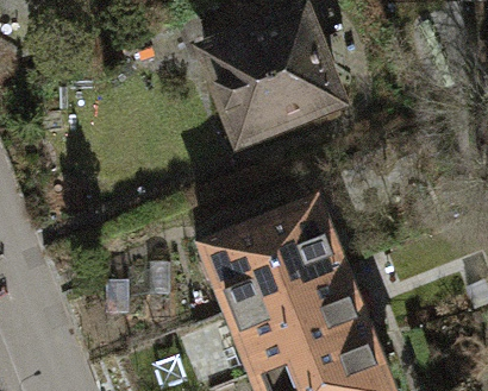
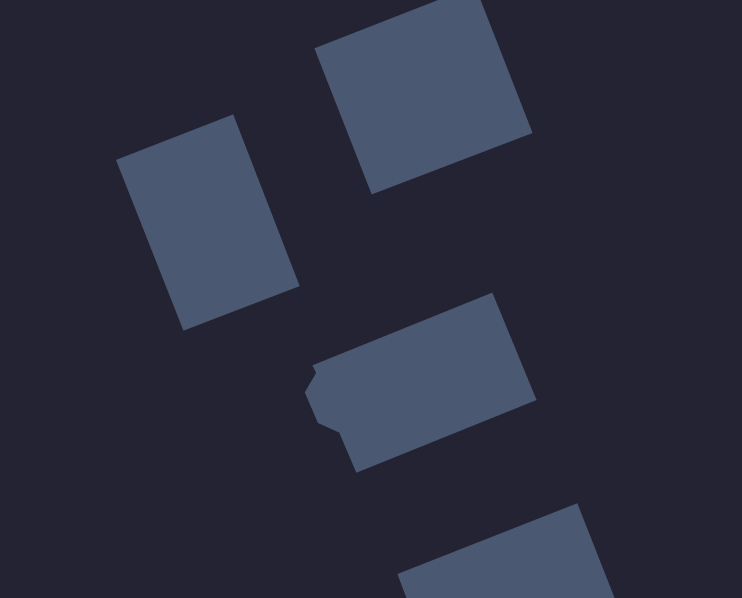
building: none -> [115,113,300,331]
building: [236,266,373,373] -> none

